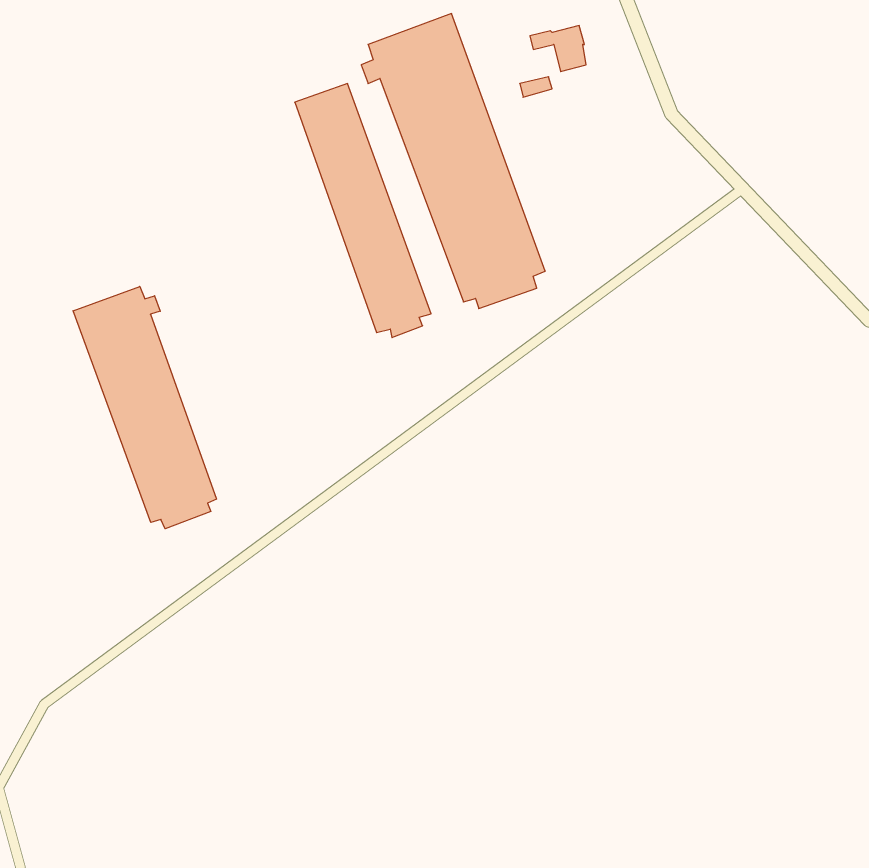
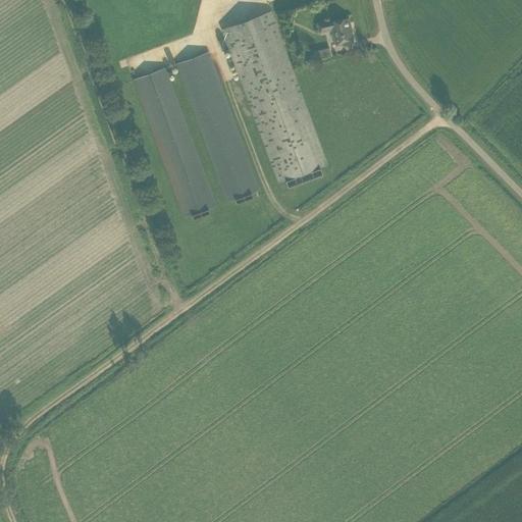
building: none -> [132,66,214,218]
building: [73,286,217,529] -> none

